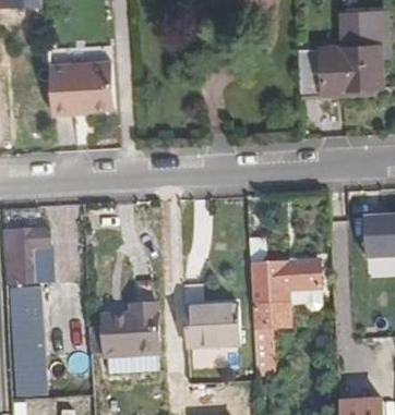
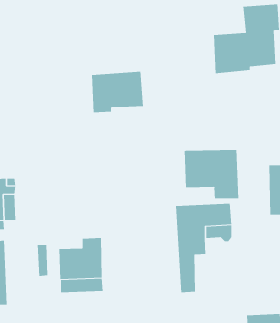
building: [49,60,116,112] -> [91,71,144,113]
building: none -> [184,149,239,199]
building: [184,304,240,345] -> none

